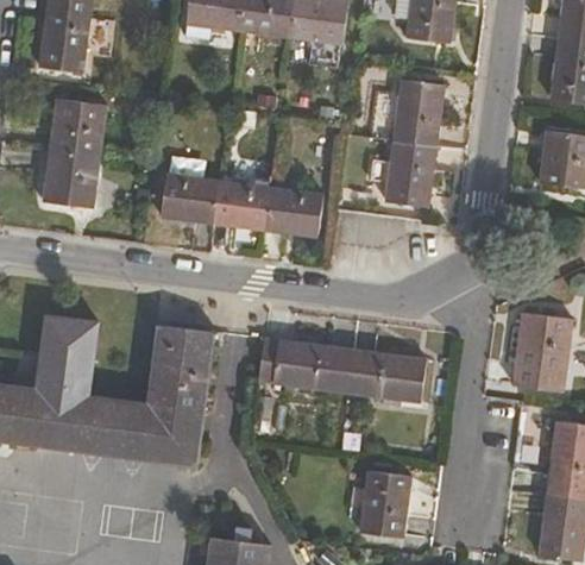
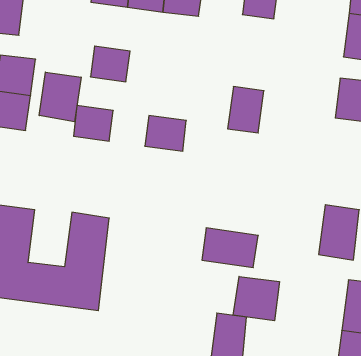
building: [390,82,442,150] -> none
building: none -> [39,72,81,122]
building: [212,178,269,230] -> [90,46,130,82]
building: [257,334,351,394] -> none
building: none -> [233,276,279,321]

